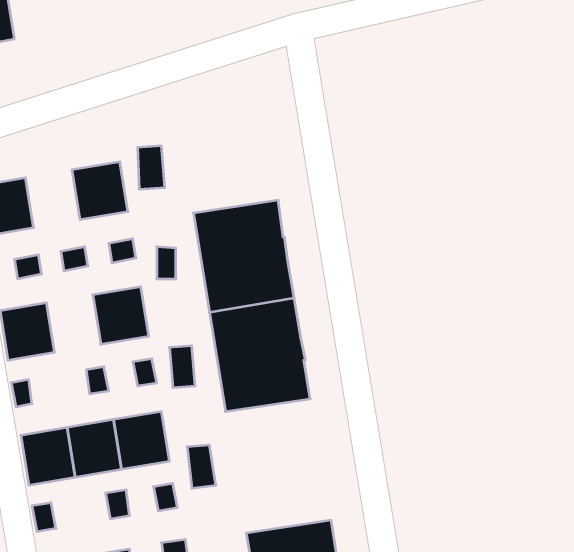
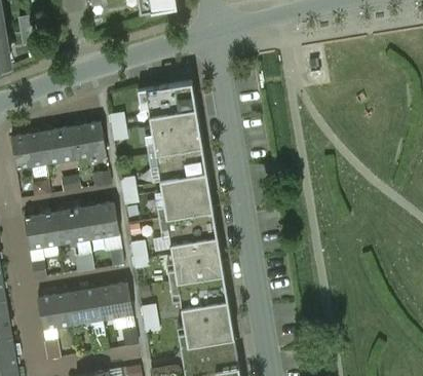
building: none -> [137,81,202,154]
building: none -> [40,126,75,163]
building: none -> [53,206,88,243]
building: none -> [168,273,236,360]

